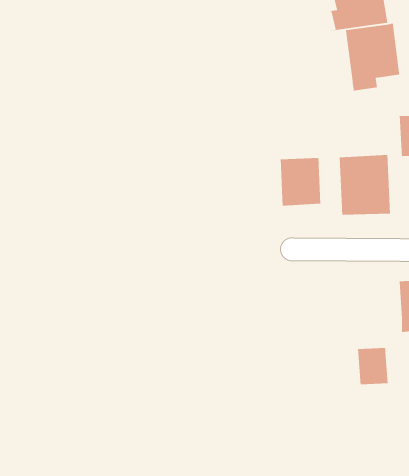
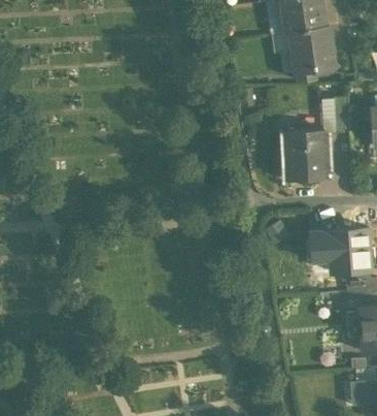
building: [280,157,321,207] -> none
building: [357,347,388,385] -> [309,230,334,260]

